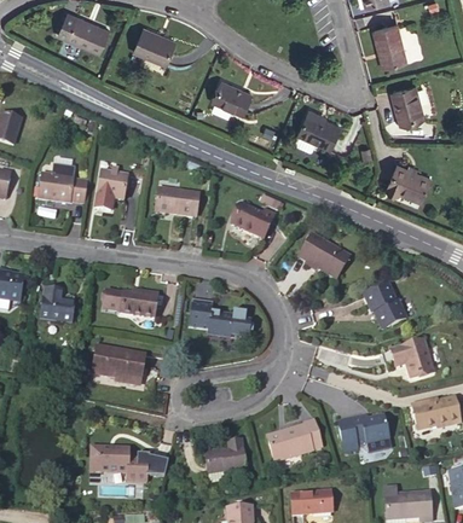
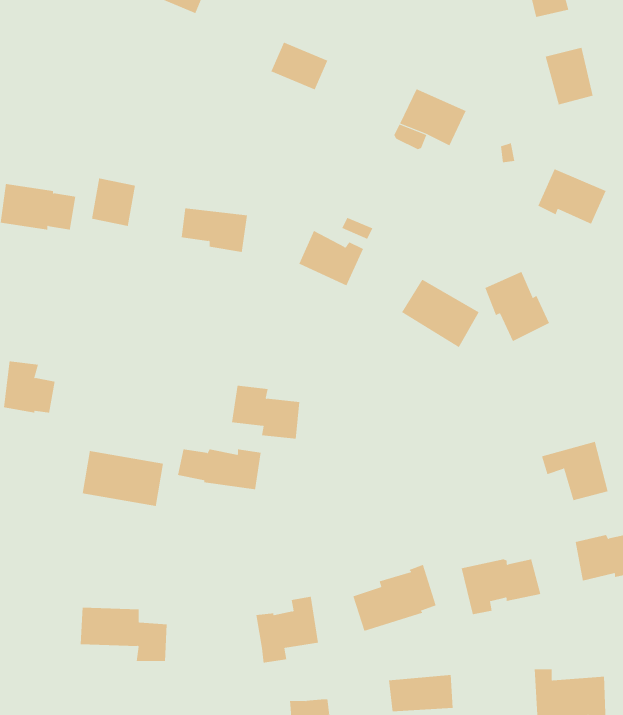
building: [364,283,406,329] -> [484,271,550,342]
building: [104,290,158,316] -> [177,449,261,490]

